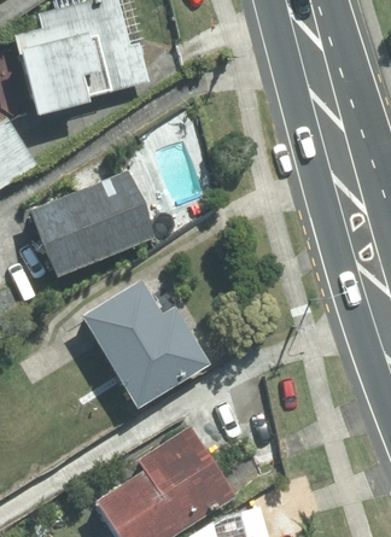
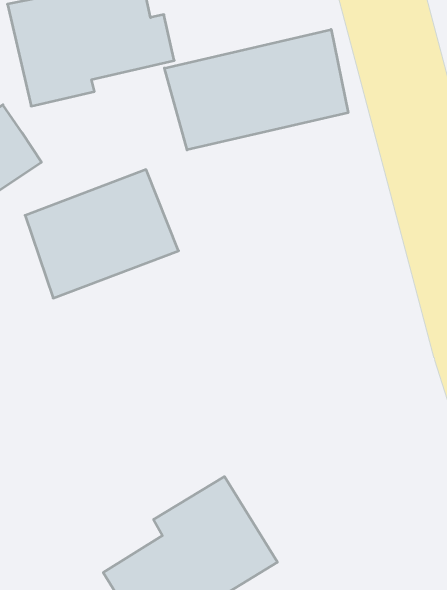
building: none -> [164,29,348,150]
building: [75,279,209,405] -> none

